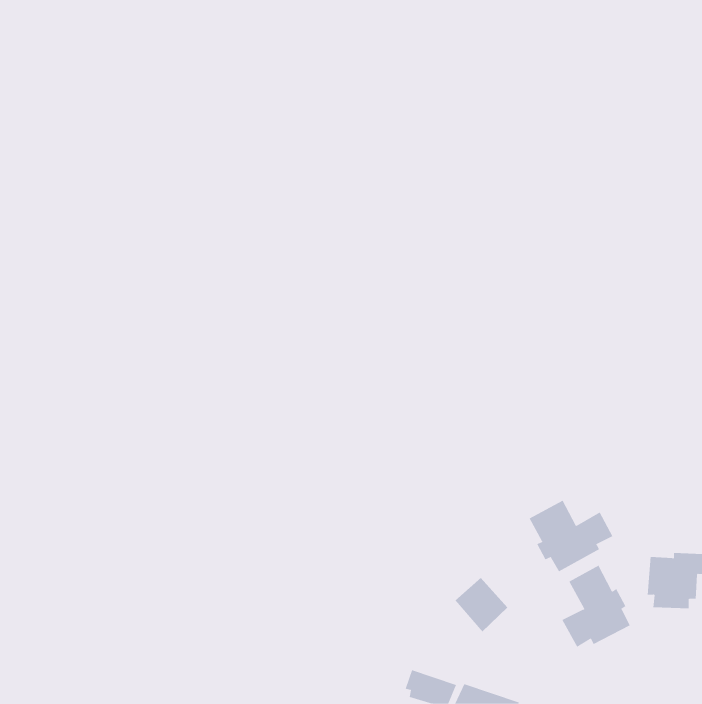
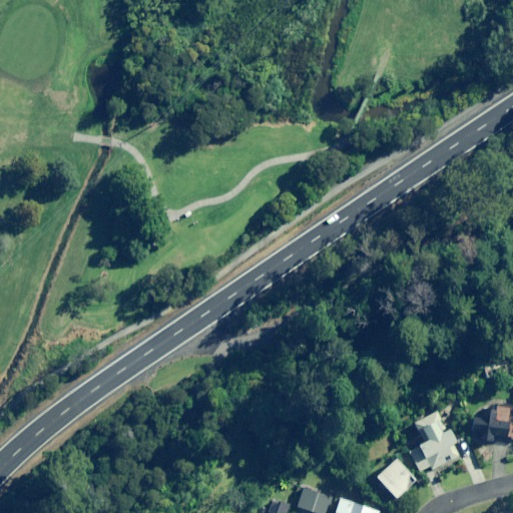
building: [529,500,613,572] -> none
building: [455,577,508,632] -> [377,459,416,499]

